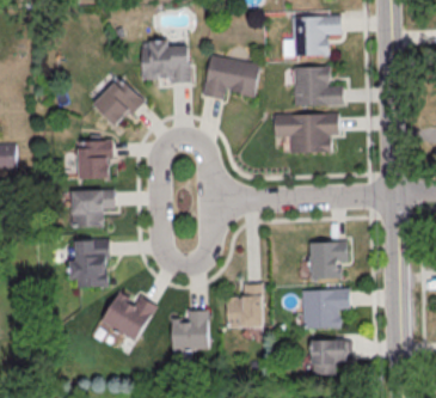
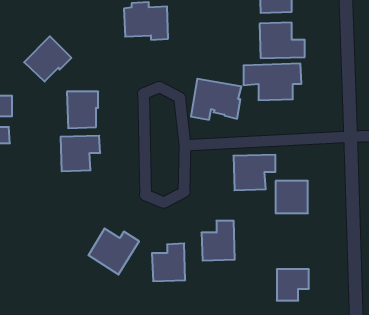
building: [203,55,259,100] -> [191,79,241,120]
building: [91,78,143,128] -> [24,36,71,82]
building: [75,240,110,289] -> none
building: [302,287,349,326] -> [233,155,275,190]

